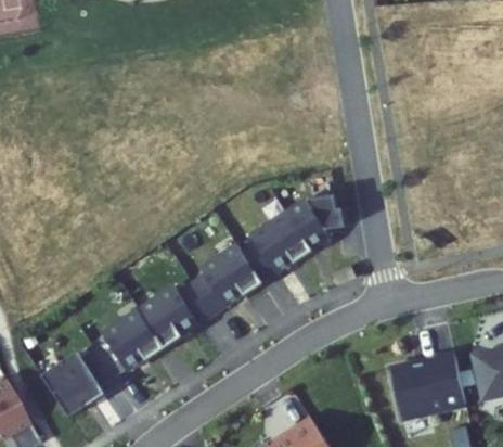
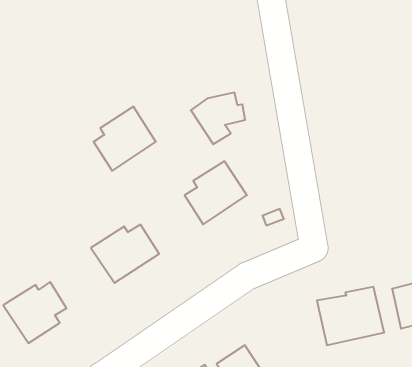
building: [287,192,348,250] -> [191,93,245,144]
building: [194,243,263,315] -> [93,107,156,171]
building: [93,308,165,375] -> none

